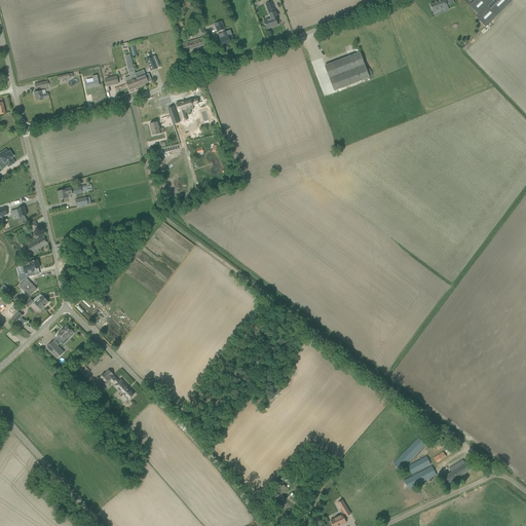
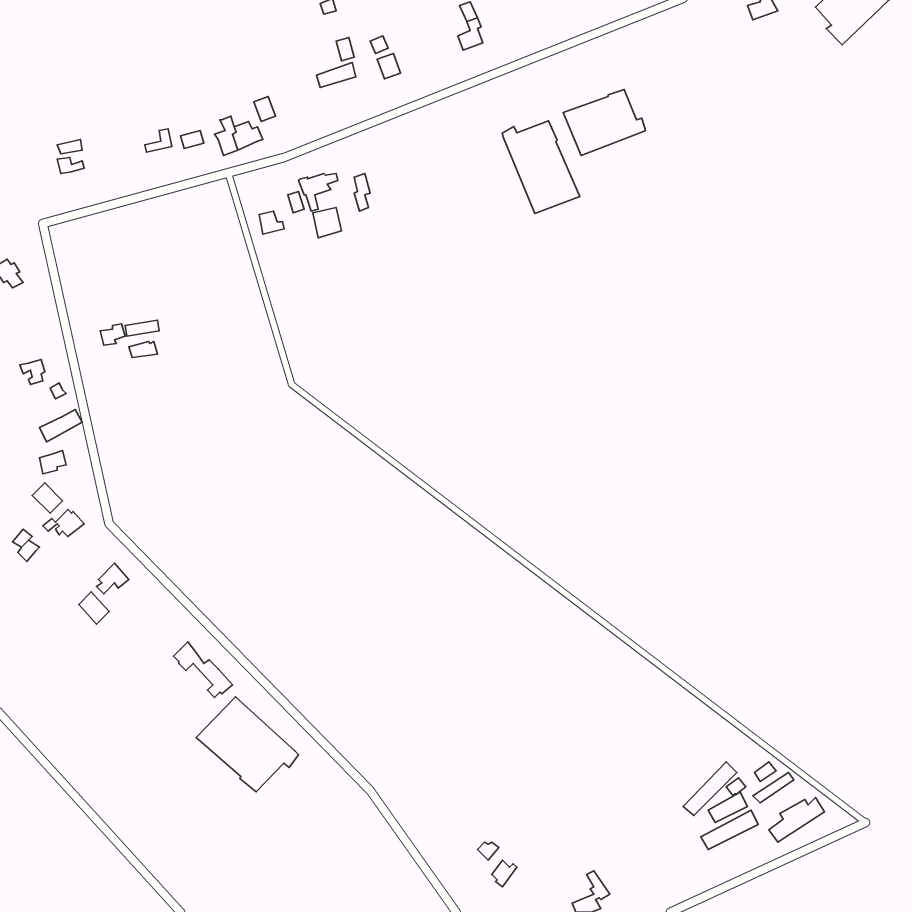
building: none -> [502,121,580,213]
building: none -> [196,697,299,792]

